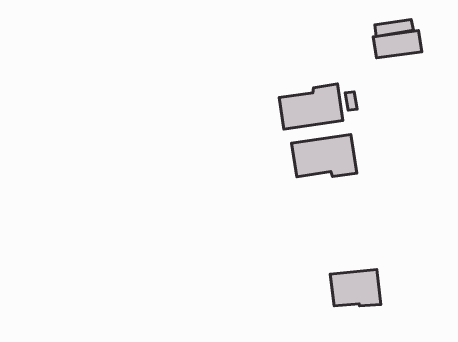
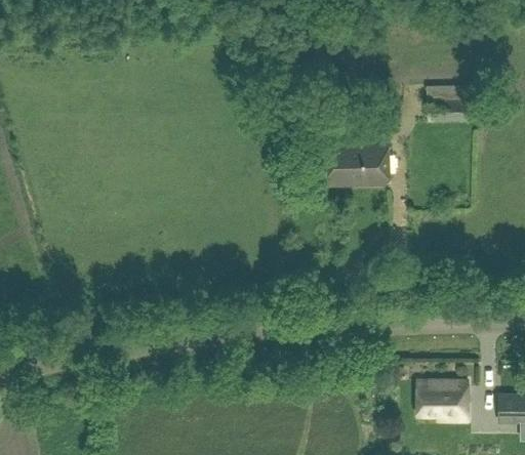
building: [292,134,357,177] -> none
building: [330,270,381,306] -> [415,381,465,419]

